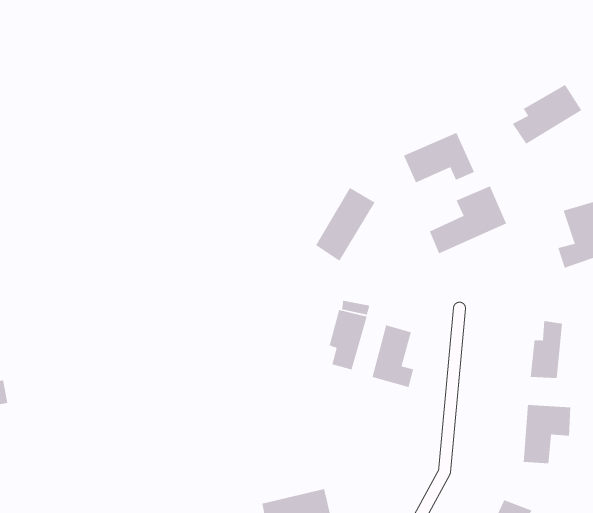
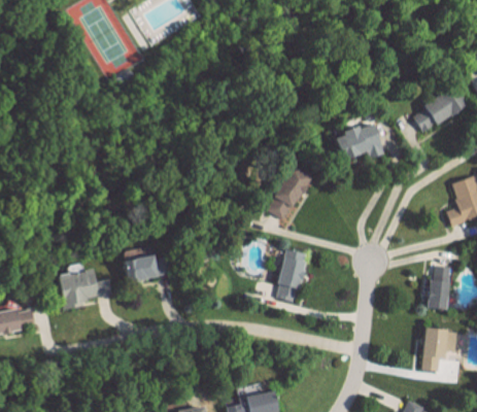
building: [429,186,507,254] -> none
building: none -> [118,250,167,288]
building: [372,325,414,388] -> none
building: none -> [57,269,112,310]

